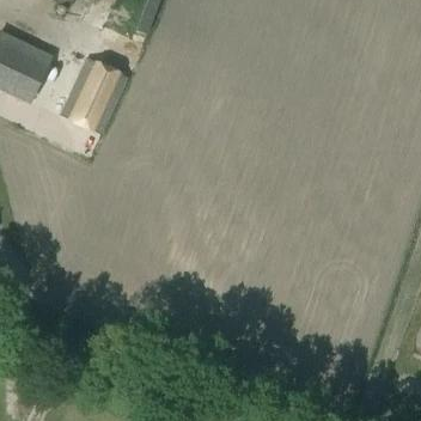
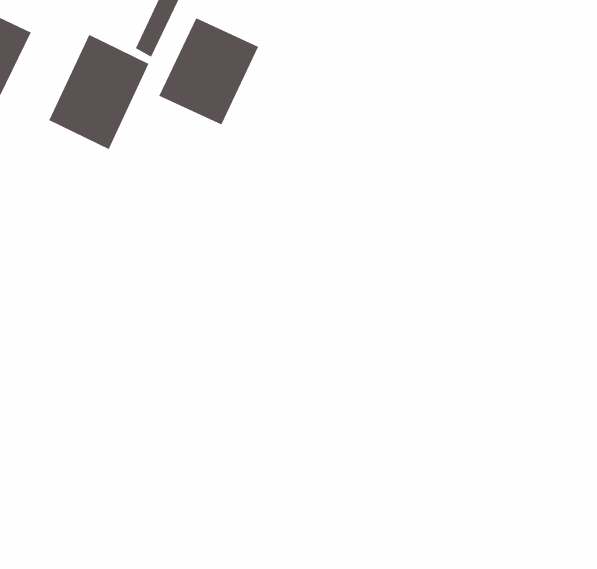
building: none -> [158,17,259,125]

